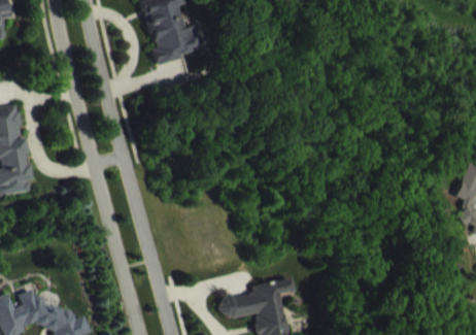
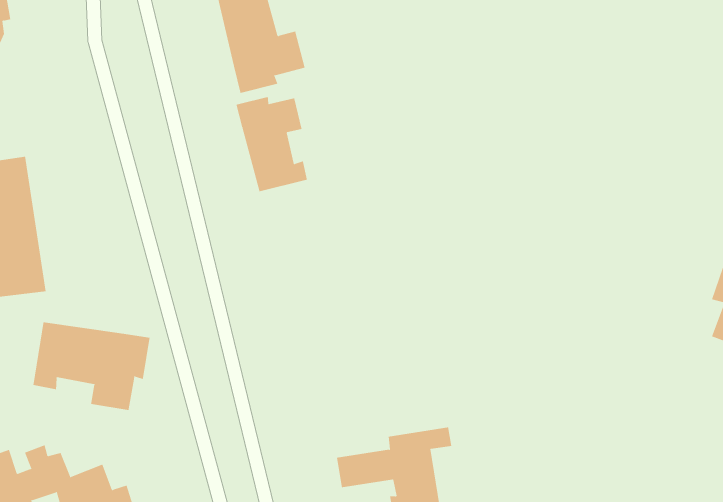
building: none -> [236,96,307,192]
building: none -> [33,322,150,411]

